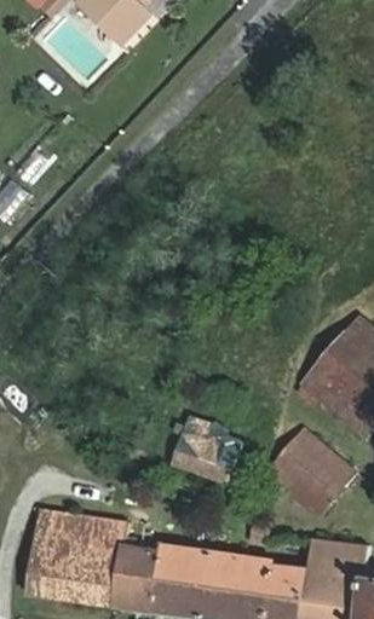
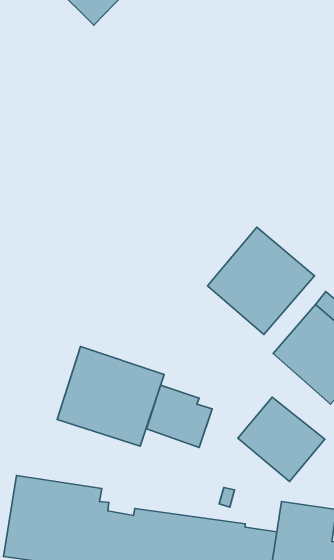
building: none -> [207,227,315,335]
building: none -> [57,347,164,446]

